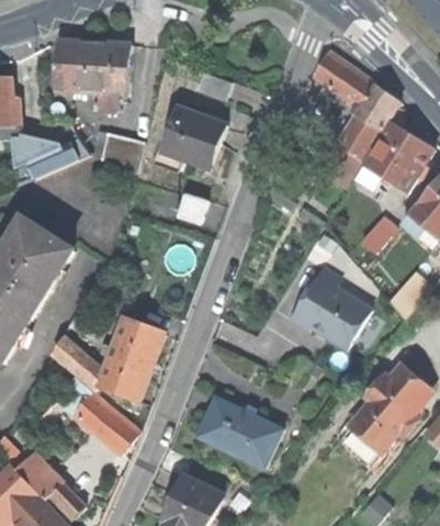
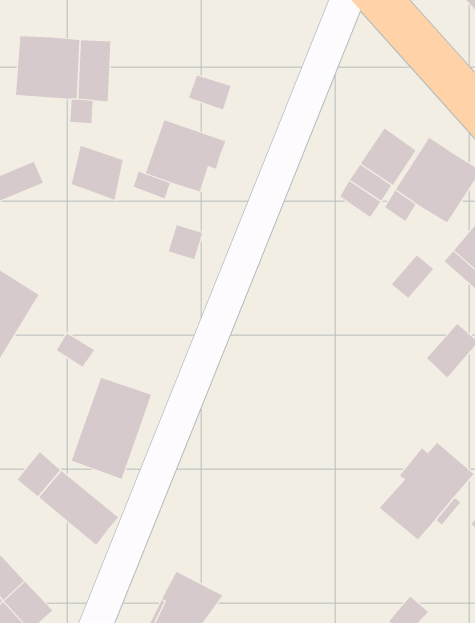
building: [312,49,400,132] -> none
building: [290,267,371,349] -> none
building: [52,335,105,390] -> none
building: [198,396,284,467] -> none

